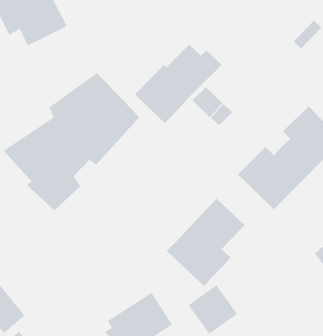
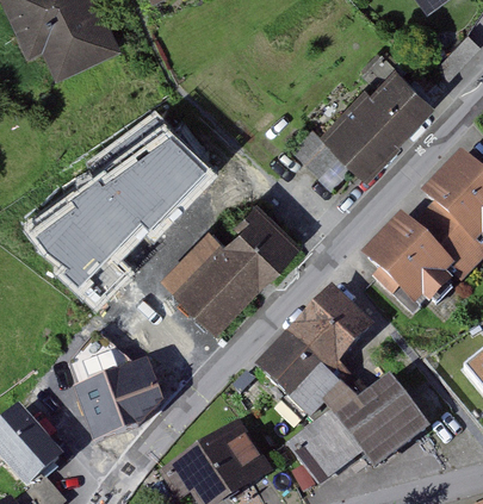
building: [134,44,222,124] -> [321,61,447,175]
building: none -> [163,204,298,326]
building: none -> [76,343,169,448]
building: none -> [323,384,426,471]

